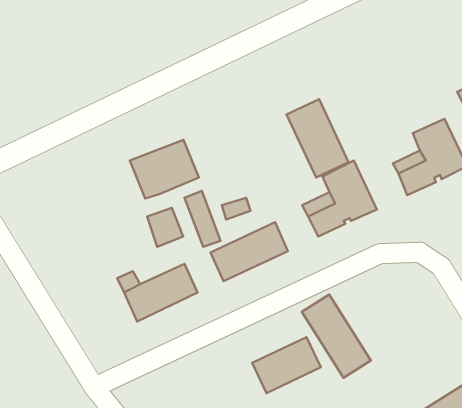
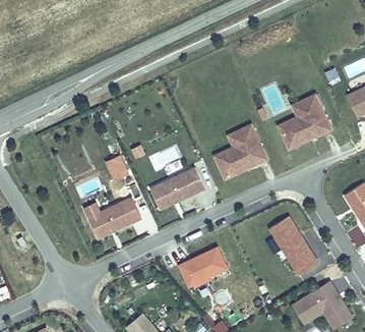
building: [286,99,349,177] -> none
building: [130,140,199,198] -> none
building: [302,294,371,378] -> [269,217,318,276]

